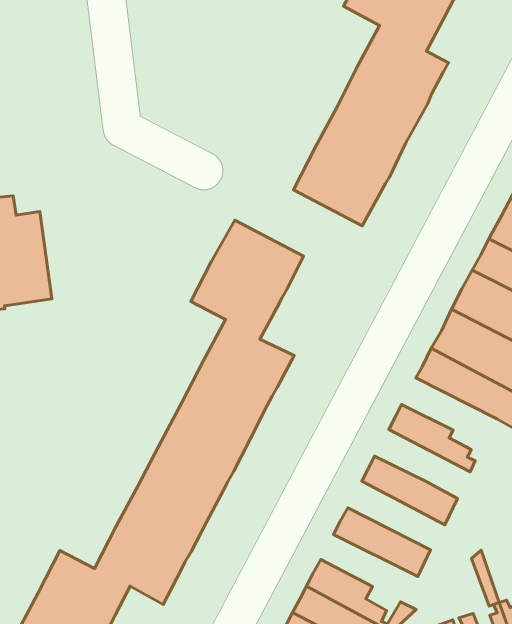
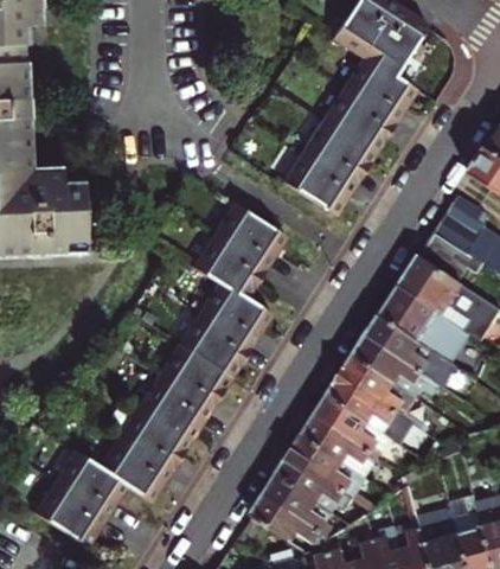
building: none -> [353,338,428,385]
building: none -> [328,377,403,424]
building: none -> [303,416,379,475]
building: none -> [278,456,371,511]

